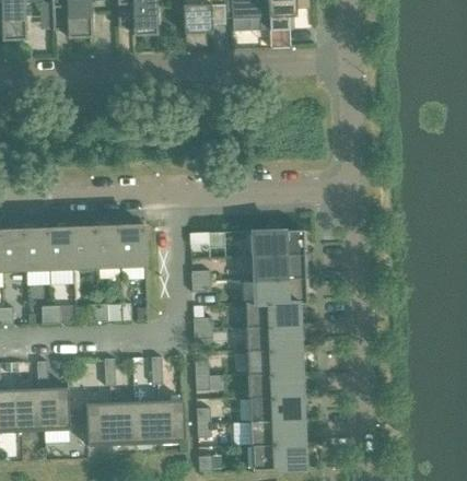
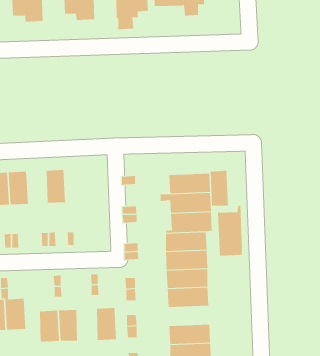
building: [118,225,145,267] -> none
building: none -> [210,170,228,207]
building: [71,226,96,269] -> none
building: none -> [218,205,242,256]
building: [249,398,303,423] -> none
building: [135,401,160,443] -> none

